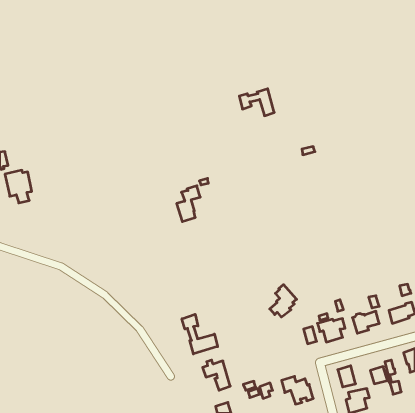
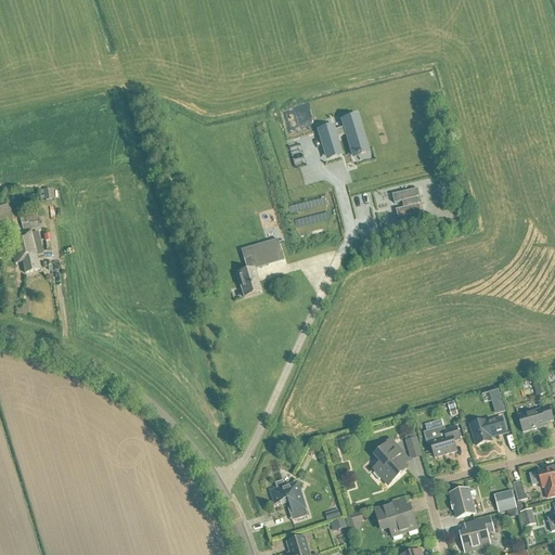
building: [270,285,297,317] -> [372,438,408,481]
building: [182,314,218,354] -> none

